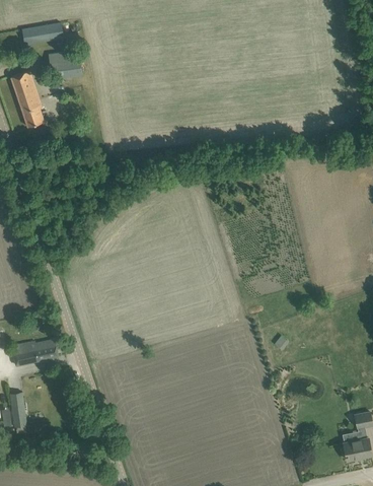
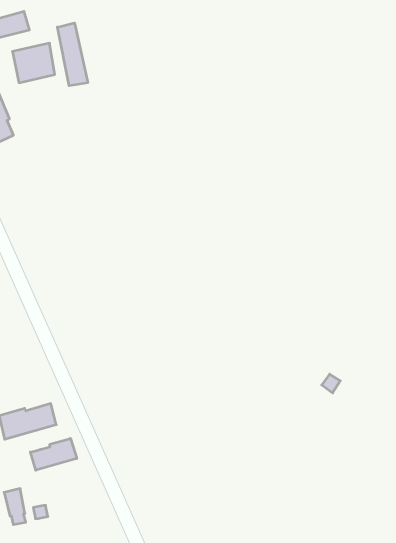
building: none -> [57,23,88,86]
building: none -> [30,438,77,470]

